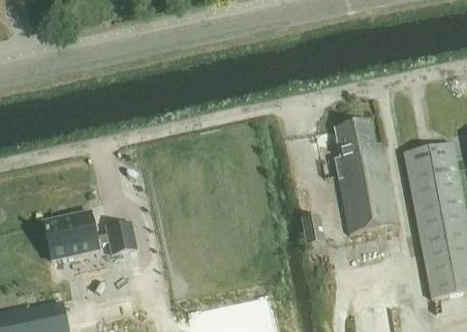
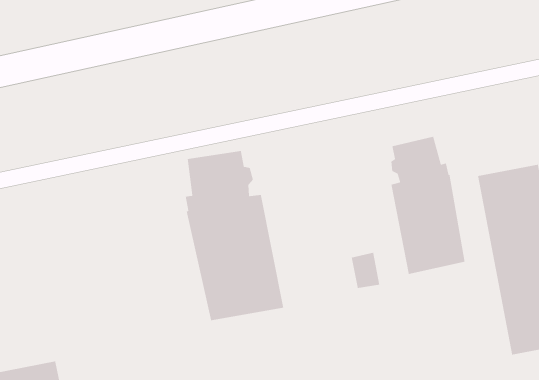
building: none -> [185,150,284,321]
building: [44,211,137,260] -> none

